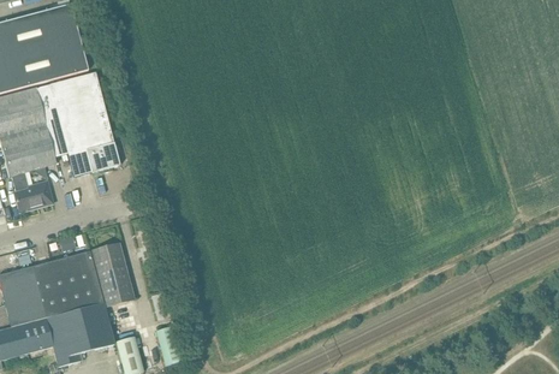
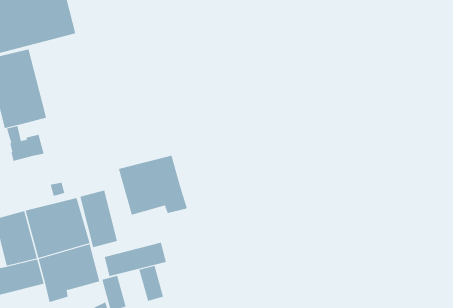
building: [36,71,119,177] -> none
building: none -> [118,155,187,216]
building: none -> [104,242,166,277]

